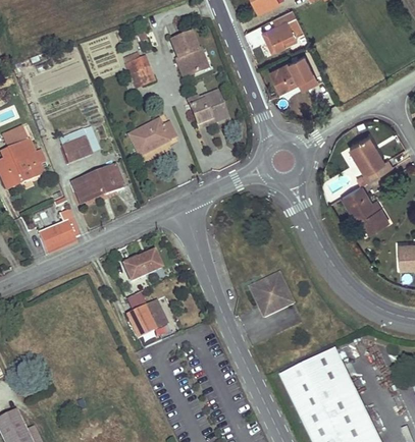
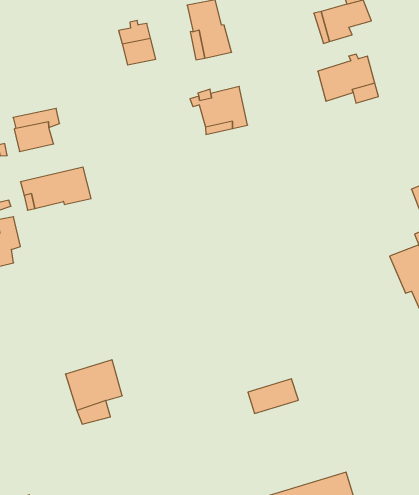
building: [128,118,176,155] -> none
building: [124,250,162,279] -> none
building: [250,276,287,307] -> none

